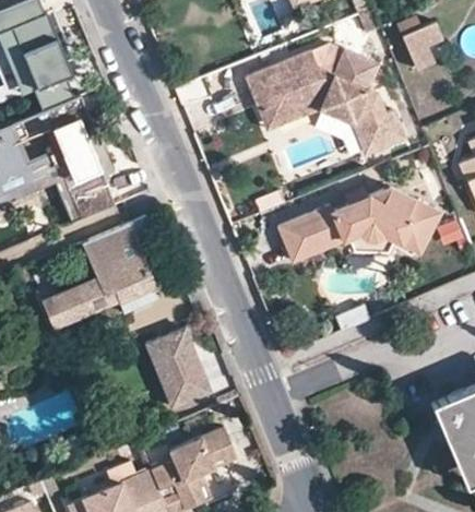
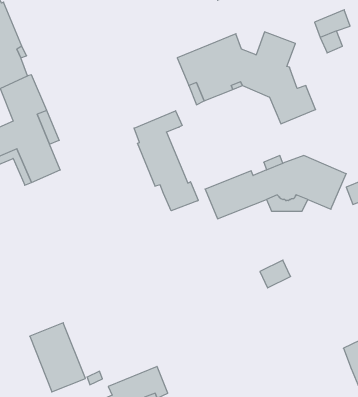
building: none -> [134,111,198,211]
building: [52,216,157,323] -> none
building: [144,328,207,406] -> [30,323,85,392]

